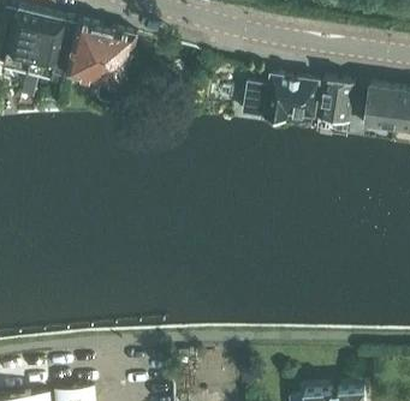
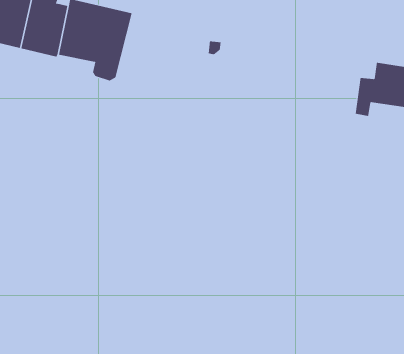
building: [242,74,317,125] -> none
building: [319,78,355,133] -> none

